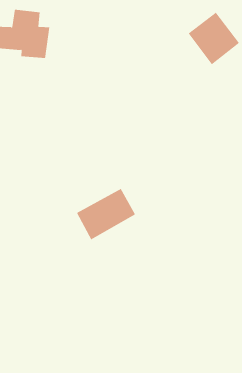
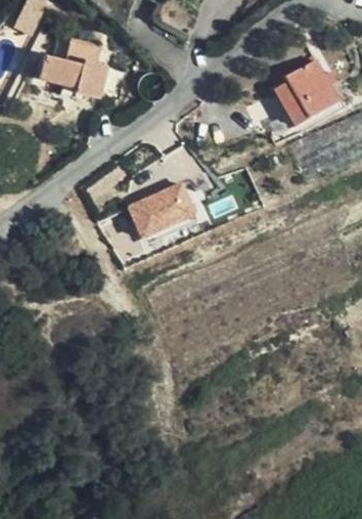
building: [76,188,136,240] -> [129,176,201,236]

